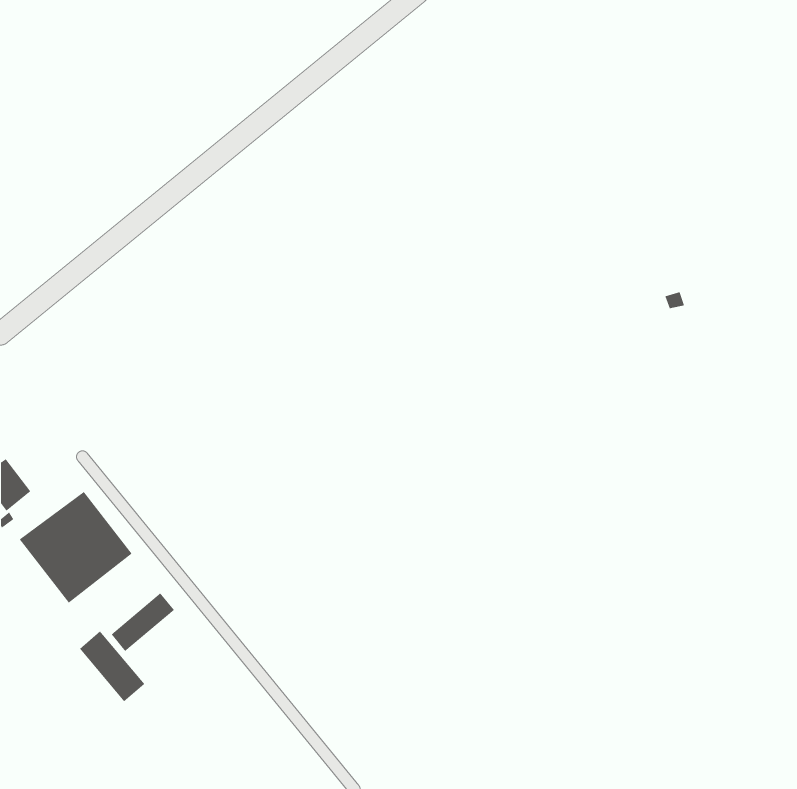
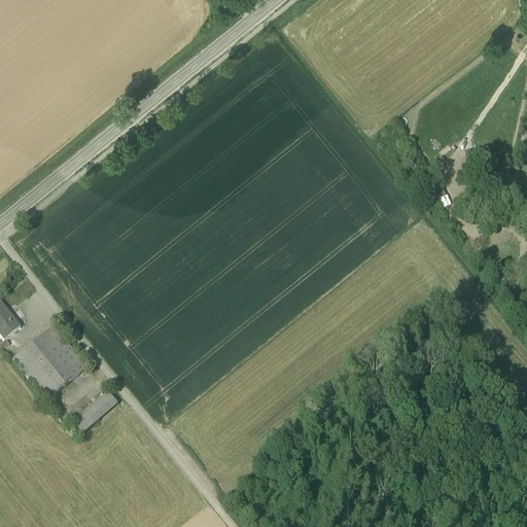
building: [79,631,145,702] -> none

